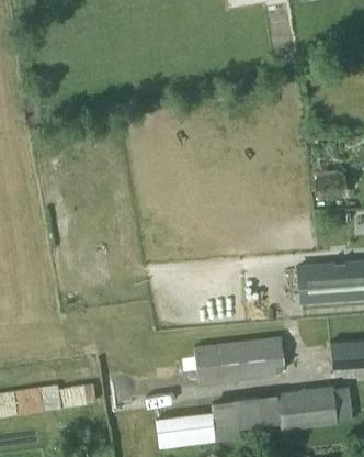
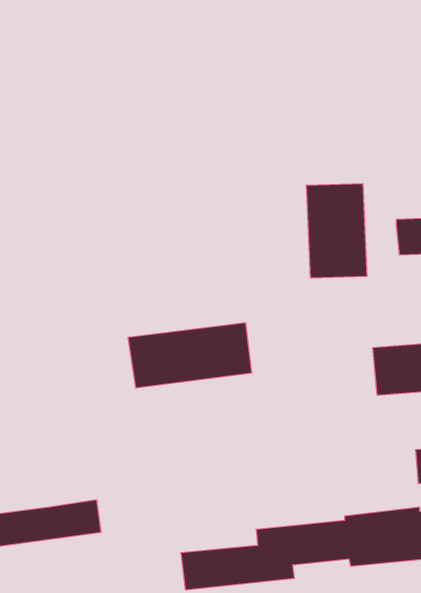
building: none -> [306,184,367,278]
building: [194,336,286,384] -> [128,323,252,388]

